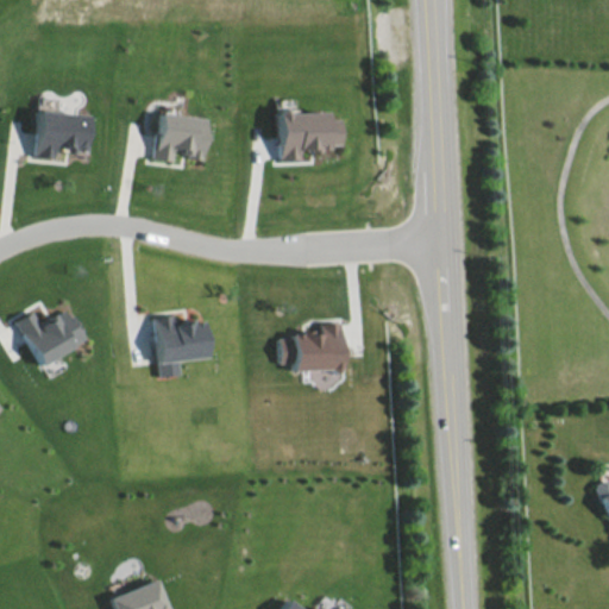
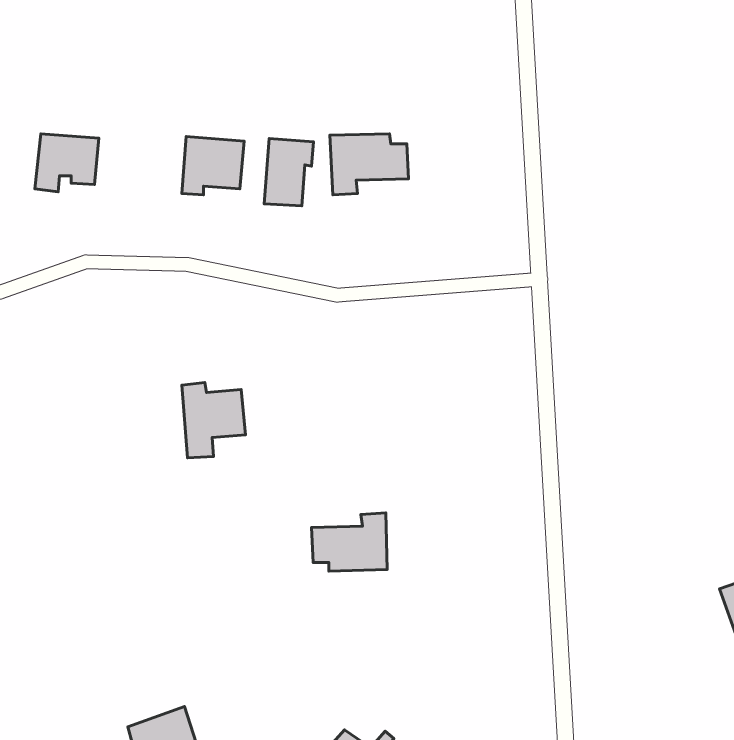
building: none -> [264,139,313,206]
building: [17,308,87,365] -> none
building: [280,324,341,371] -> [312,513,387,571]

